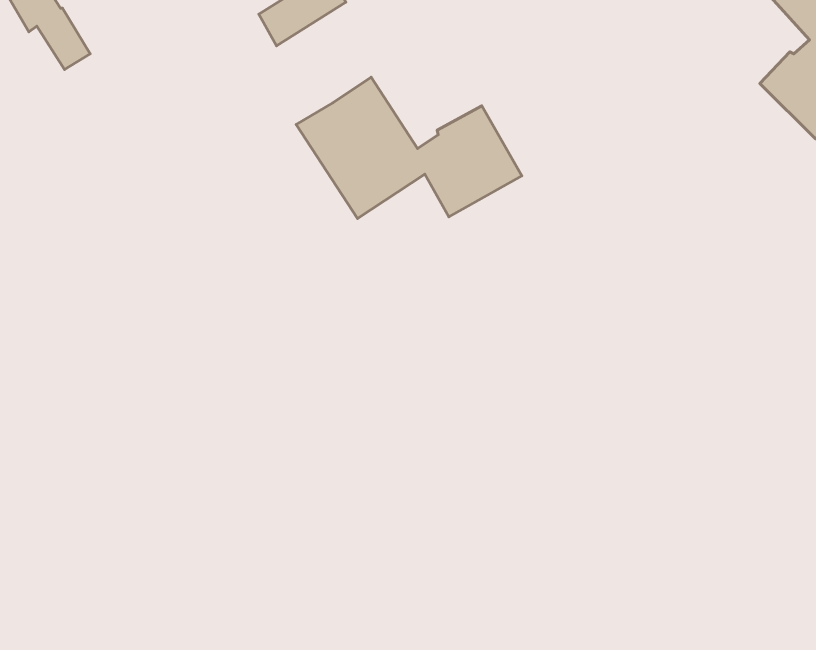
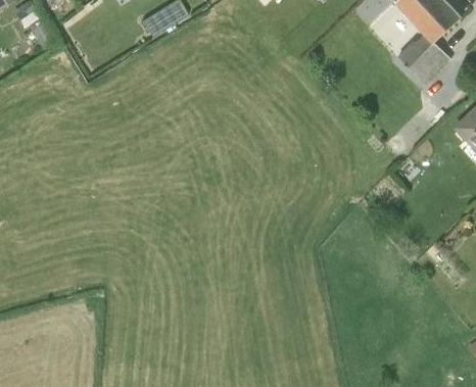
building: [296,77,522,219] -> none

